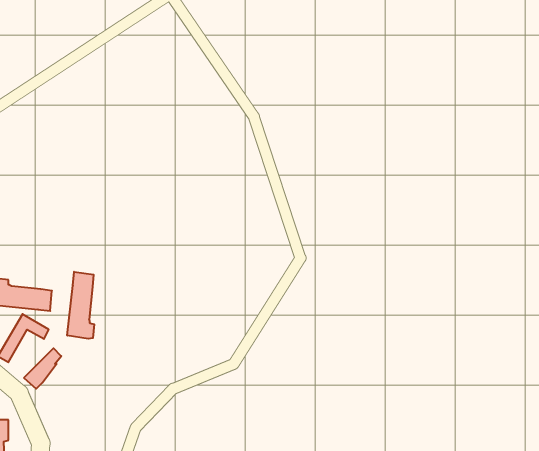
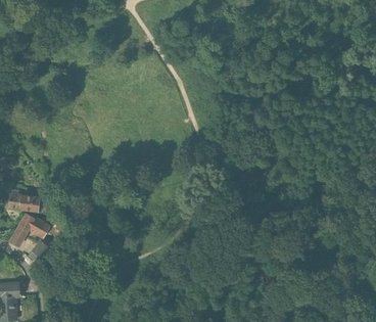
building: [67,272,94,339] -> none

